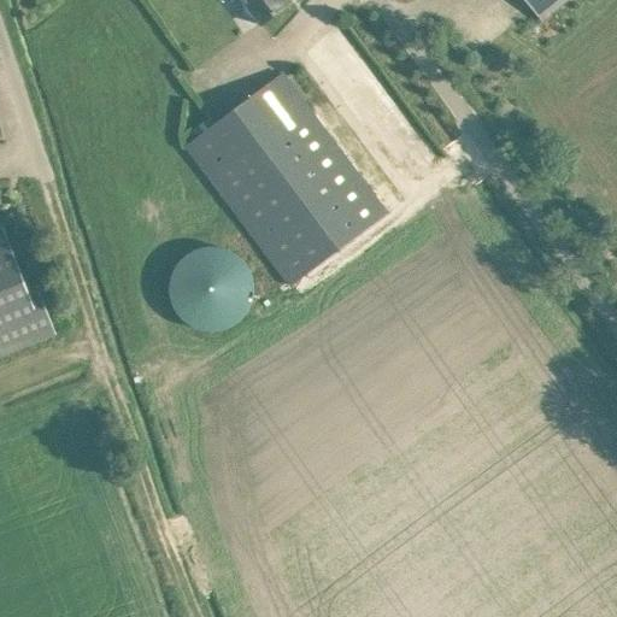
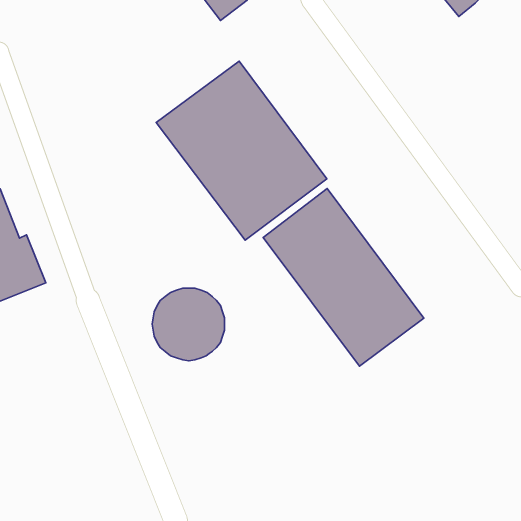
building: none -> [263,189,424,366]
building: [168,246,253,331] -> [152,288,225,361]

